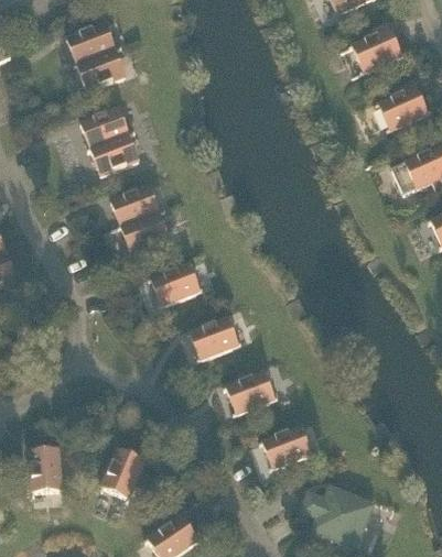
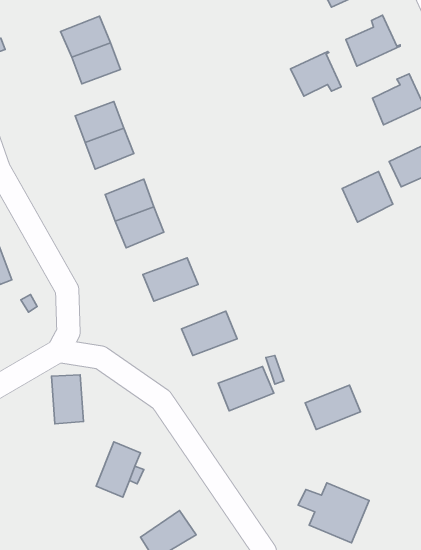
building: none -> [290,52,341,96]
building: none -> [342,172,393,222]
building: [259,425,314,469] -> [305,385,361,429]
building: [30,446,62,494] -> [51,375,84,424]

